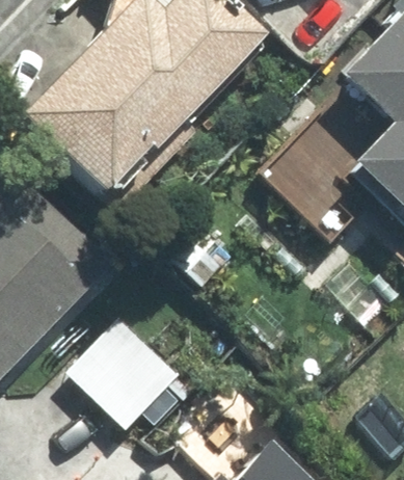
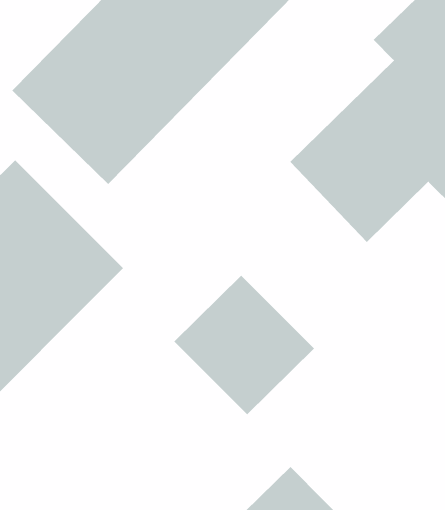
building: [66,314,188,434] -> [173,275,315,415]

